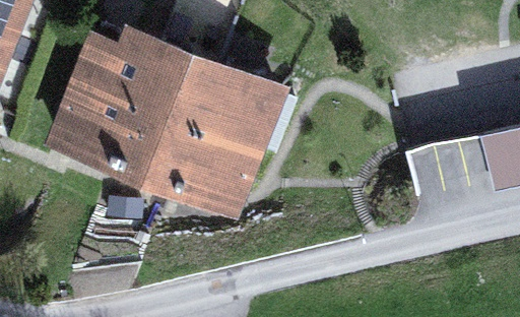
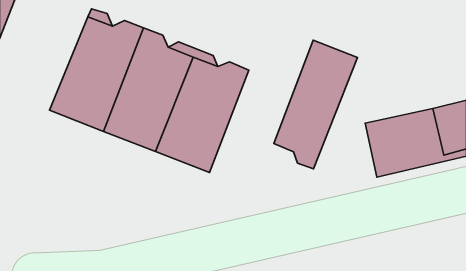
building: none -> [274,40,357,169]

